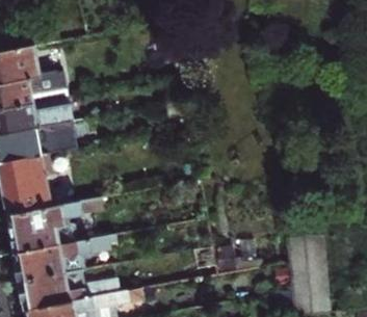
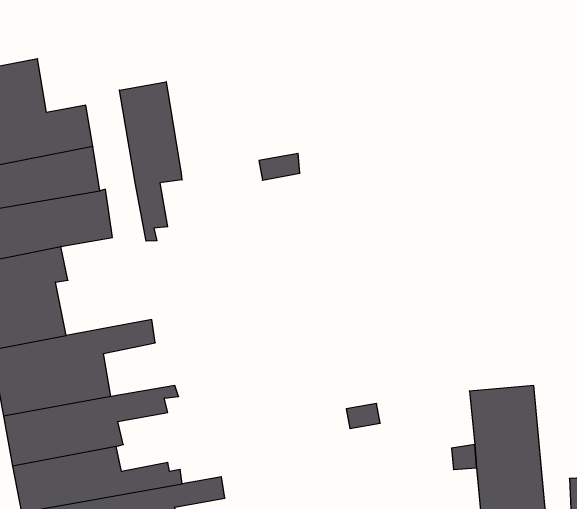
building: none -> [119,82,182,241]

